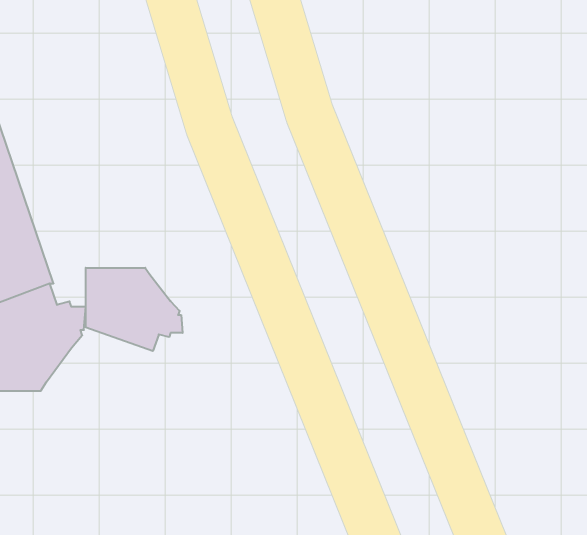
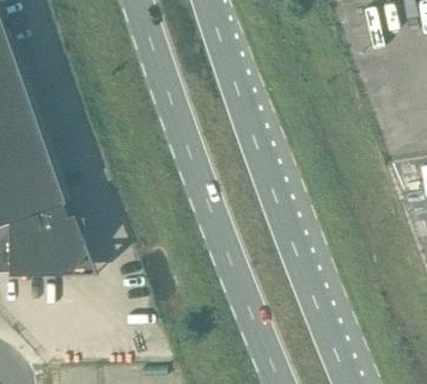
building: [86,268,183,351] -> none

